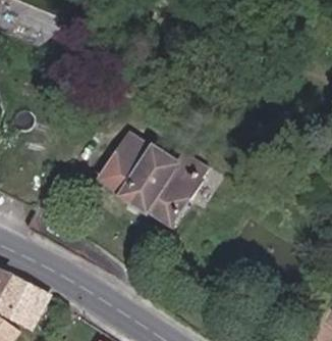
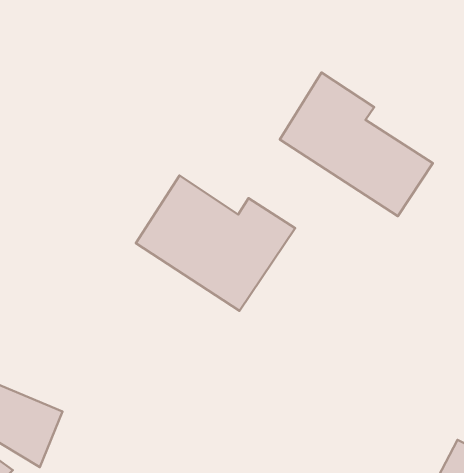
building: none -> [280,72,433,216]

